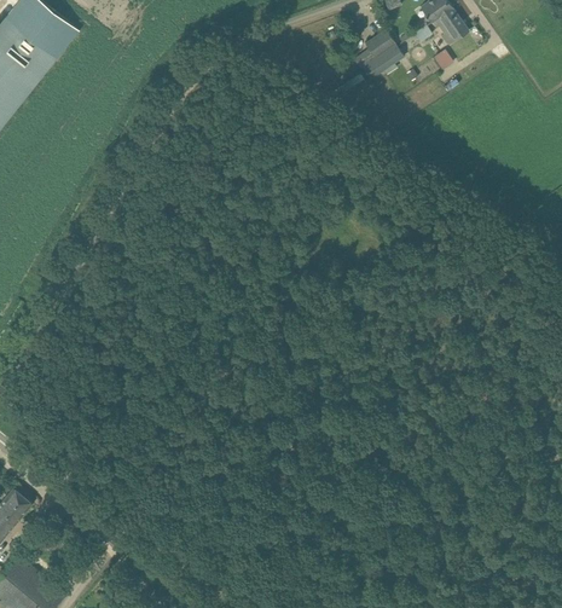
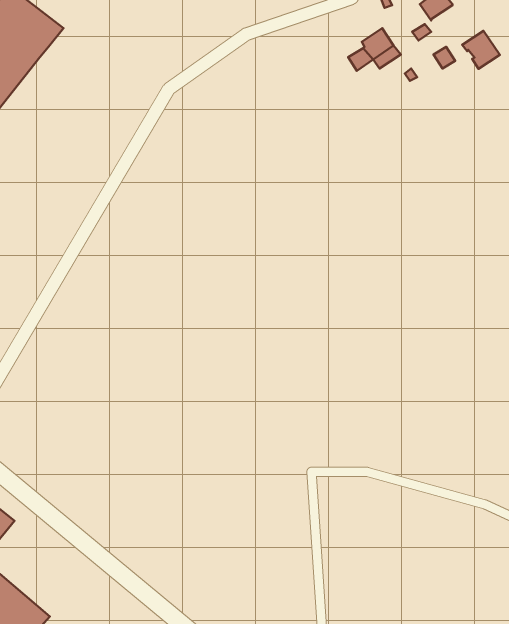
building: [430,8,467,45] -> [462,31,500,69]

